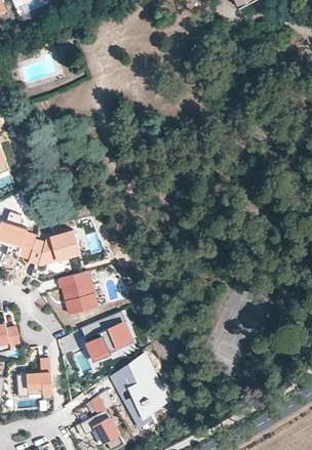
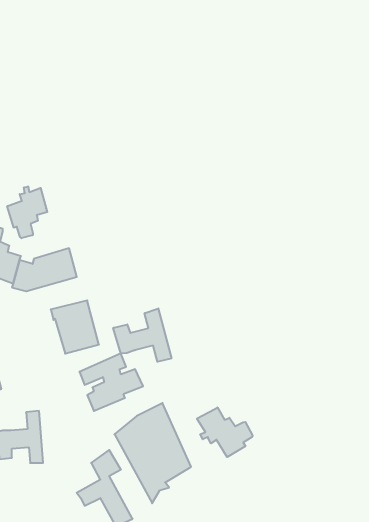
building: none -> [7,186,47,238]
building: none -> [113,308,171,362]
building: none -> [197,407,253,457]

